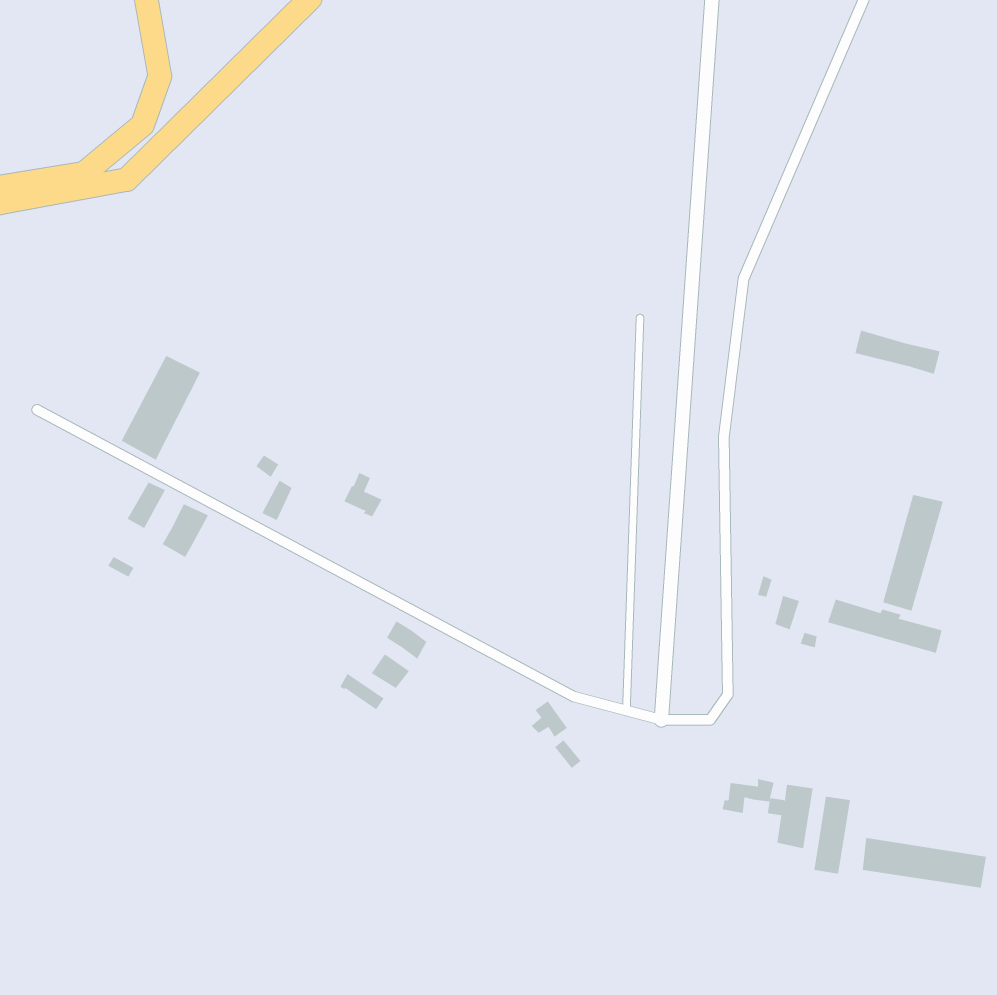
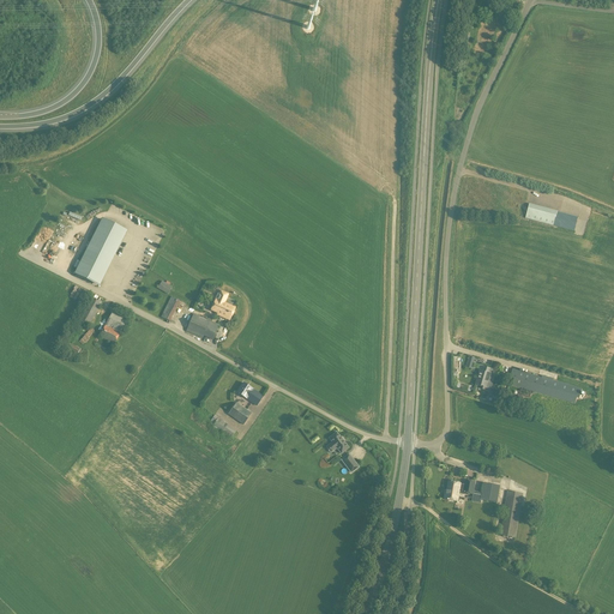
building: [883,494,943,612] -> none
building: none -> [186,312,219,338]
building: [862,837,987,888] -> none

